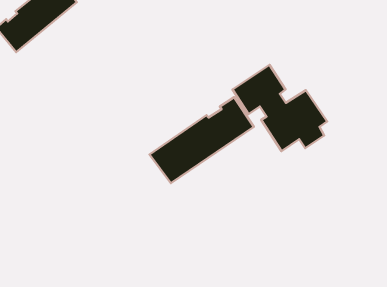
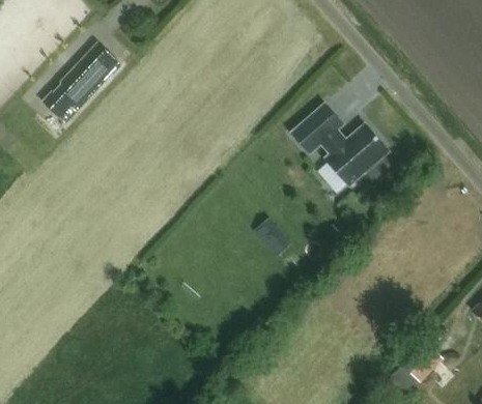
building: [150,97,254,183] -> none

